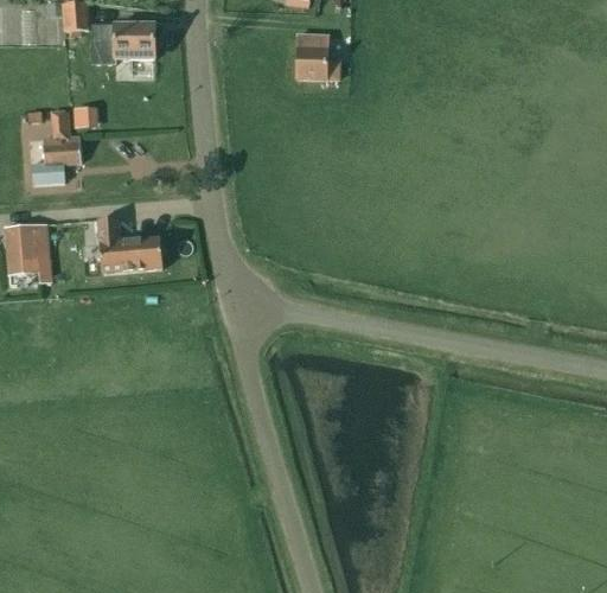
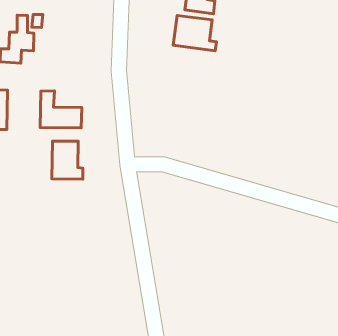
building: none -> [173,15,216,51]
building: none -> [52,141,83,179]

